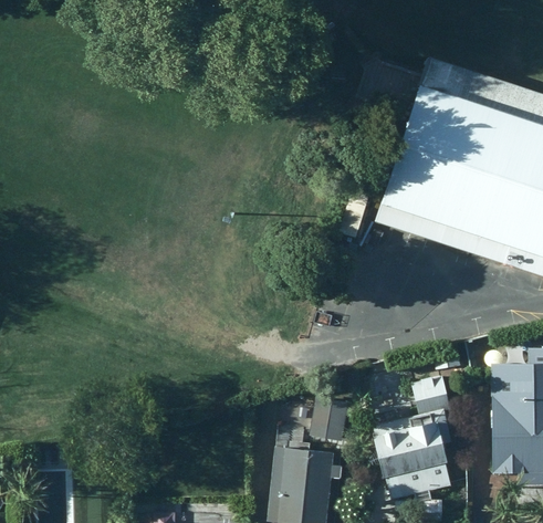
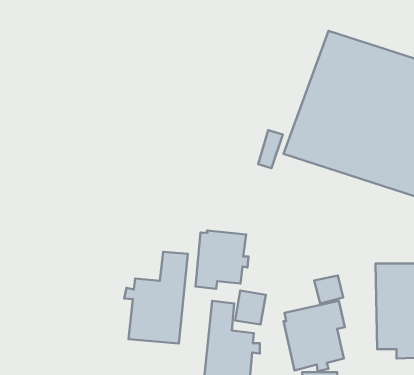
building: none -> [195,230,249,289]
building: none -> [124,252,188,344]

